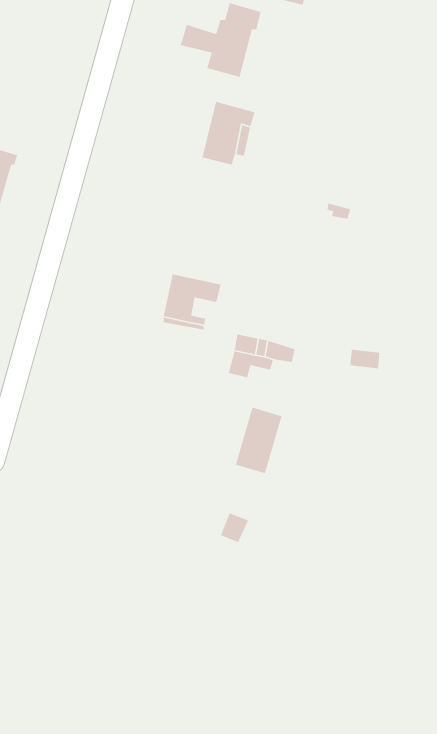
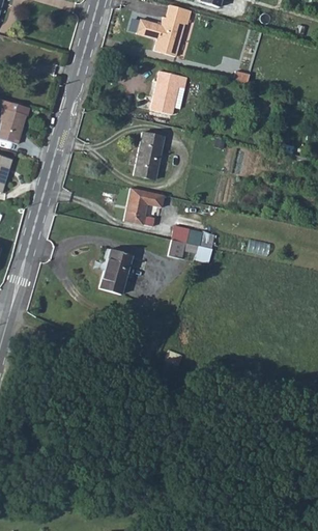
building: none -> [135,132,165,178]
building: [235,407,283,474] -> [100,248,133,294]

